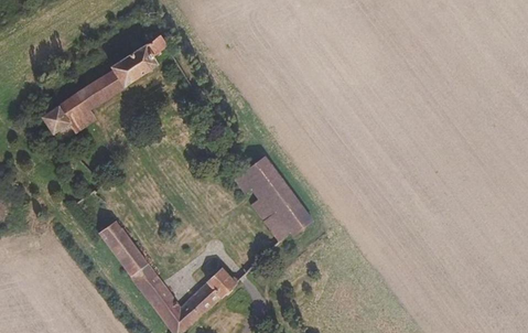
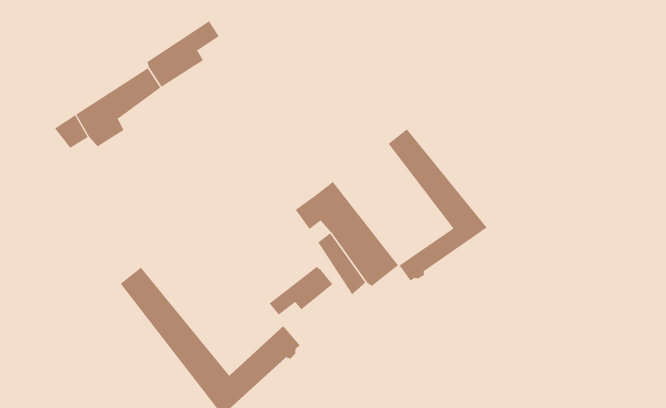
building: none -> [388,129,487,282]
building: none -> [269,266,333,315]

